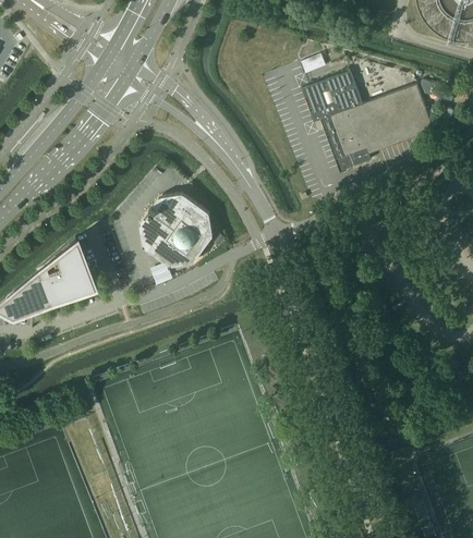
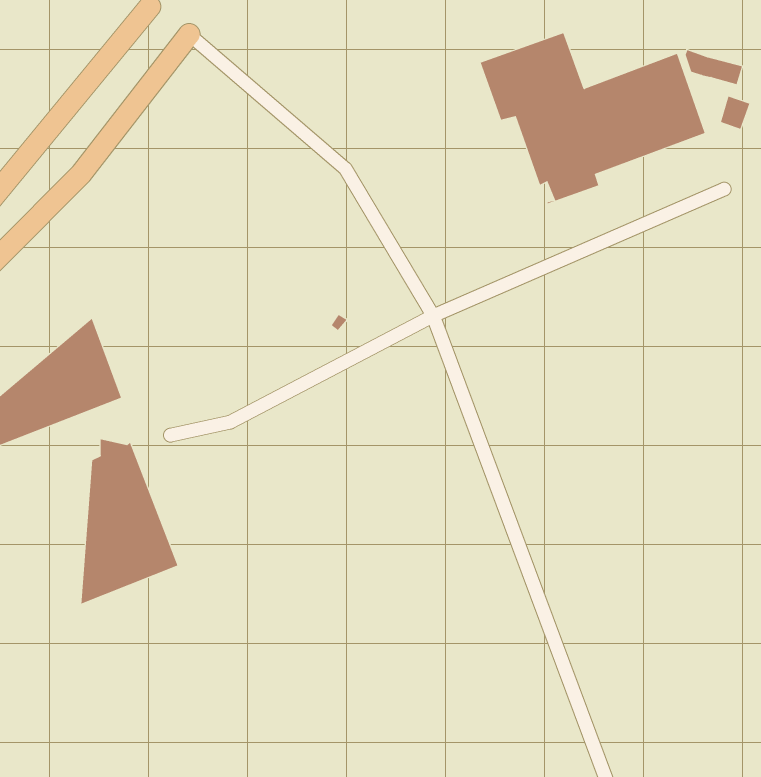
building: [142,194,216,267] -> none
building: none -> [81,439,178,604]

